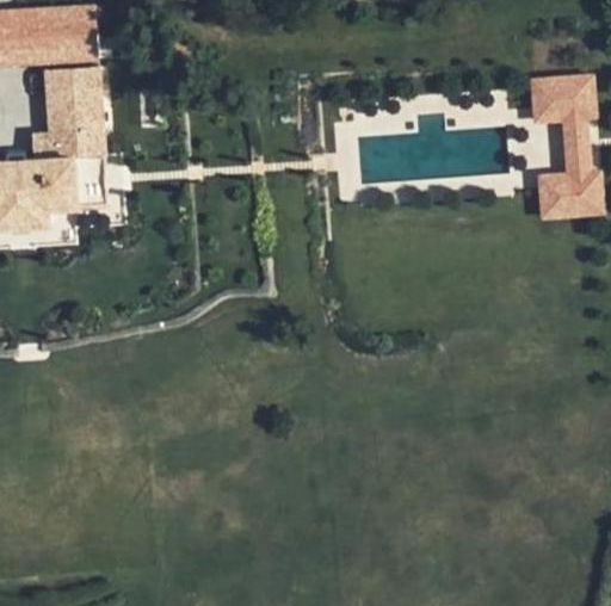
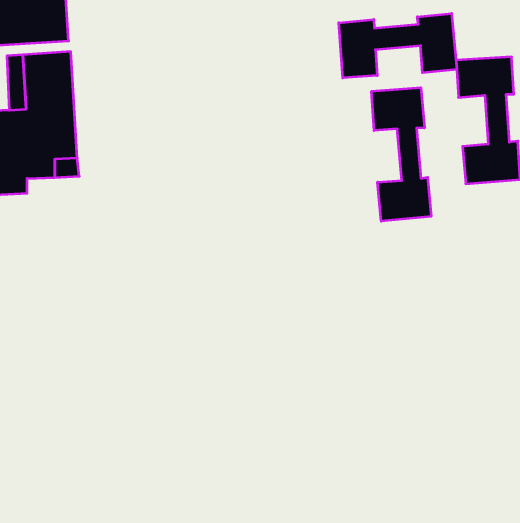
building: none -> [339,13,457,78]
building: none -> [372,88,431,221]

